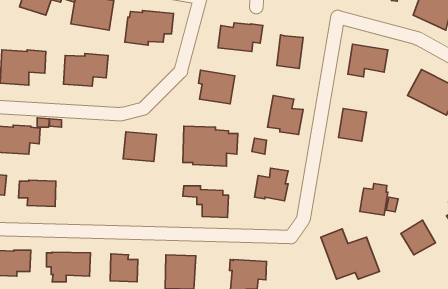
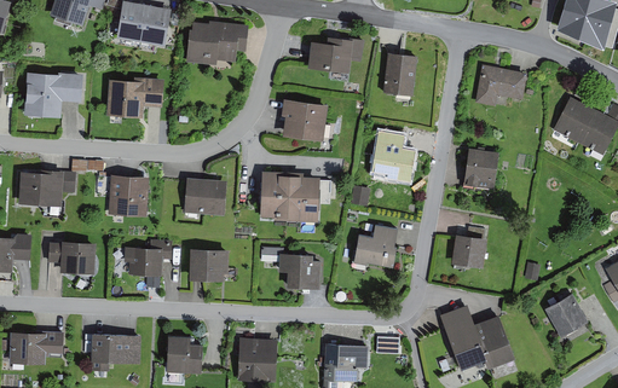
building: none -> [108,174,149,216]
building: none -> [123,241,172,276]
building: [360,184,388,215] -> [450,227,486,268]
building: none -> [189,248,229,280]

